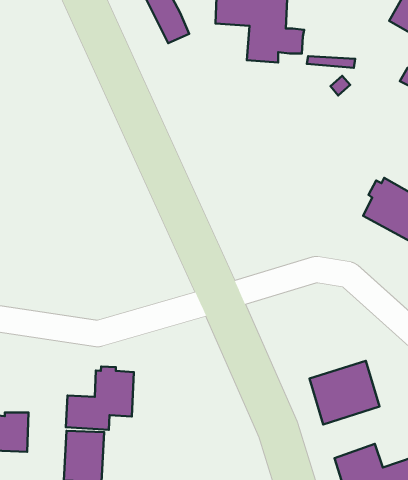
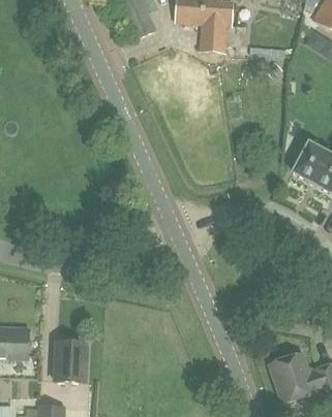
building: [310,361,379,424] -> none
building: [66,366,134,430] -> none

